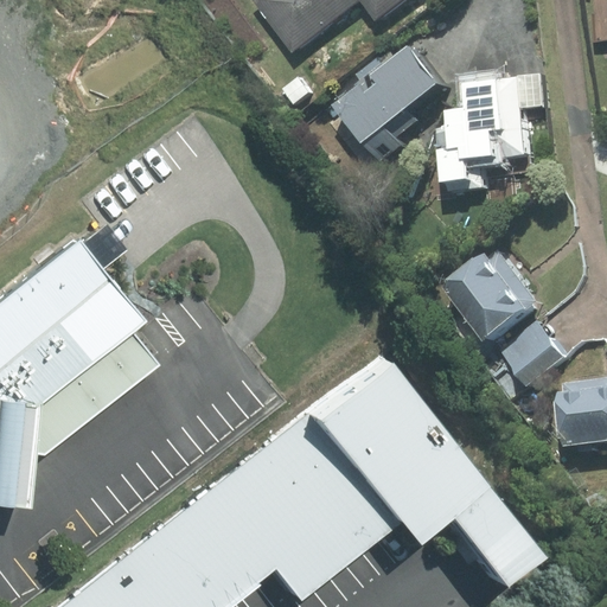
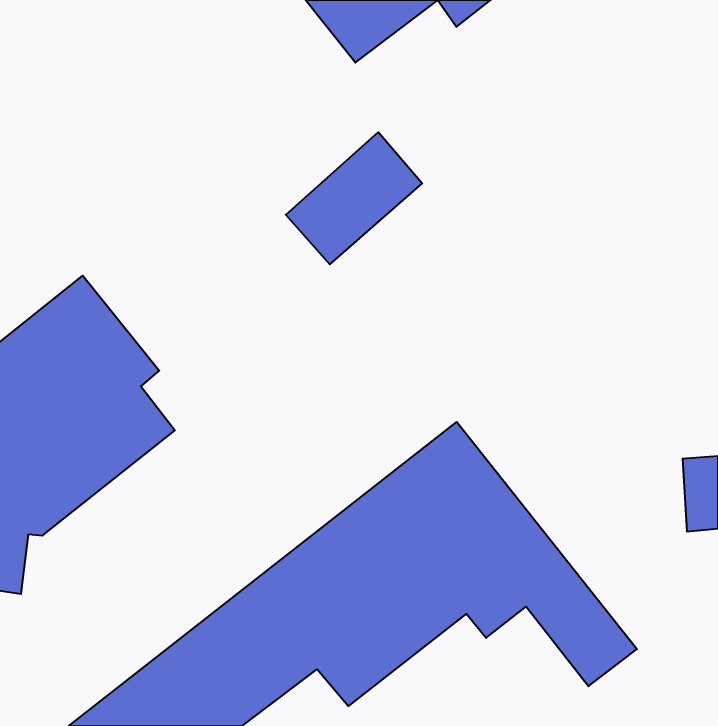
building: [340,40,454,151] -> [286,132,422,264]
building: [447,72,547,192] -> none
building: [447,247,568,386] -> none

